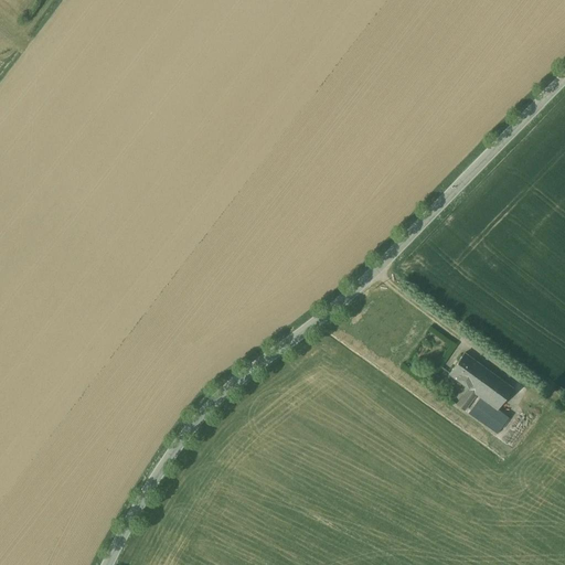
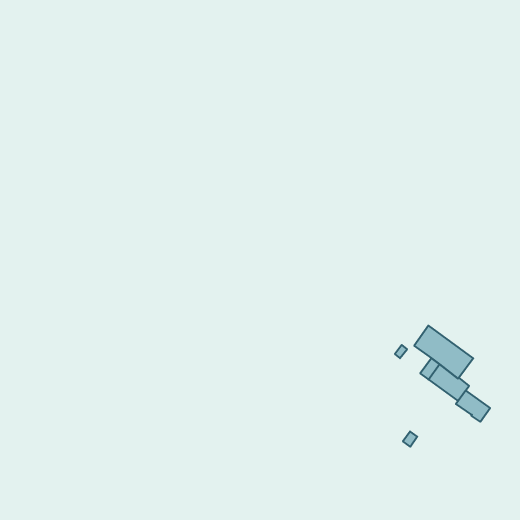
building: none -> [456,391,490,422]

